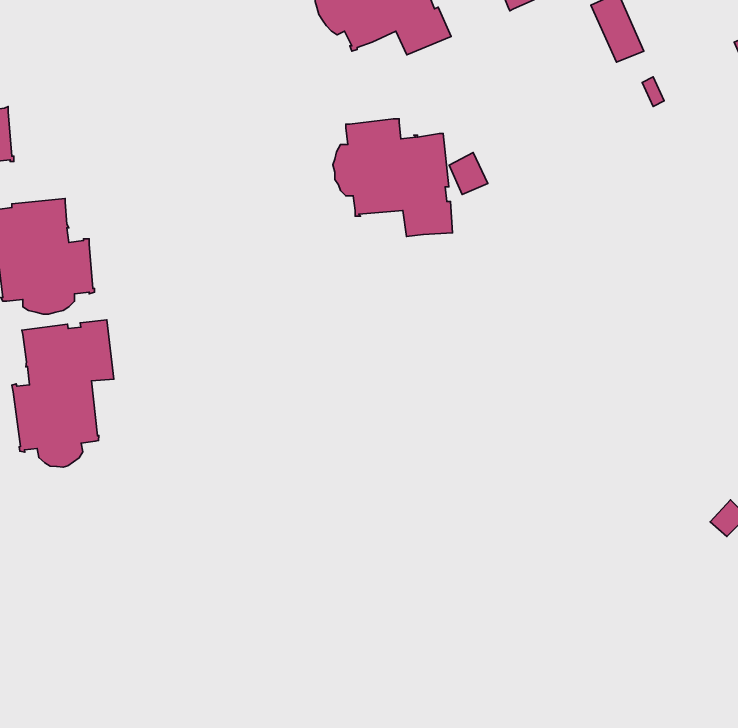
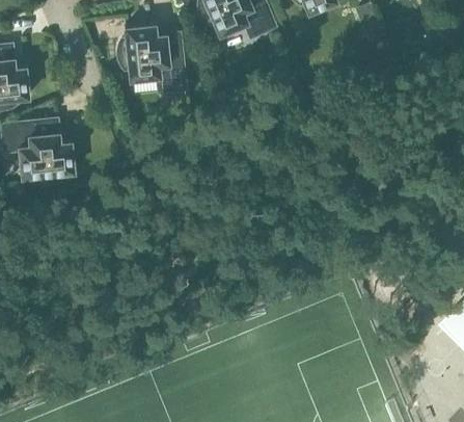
building: [333,119,452,236] -> [118,25,186,91]
building: [12,320,114,467] -> none

